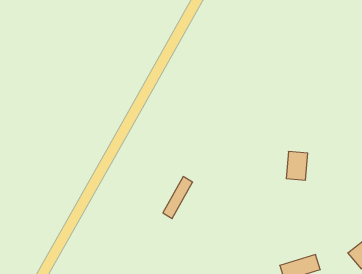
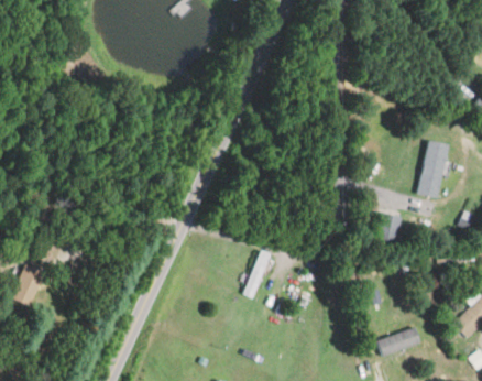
building: none -> [418,140,450,198]

